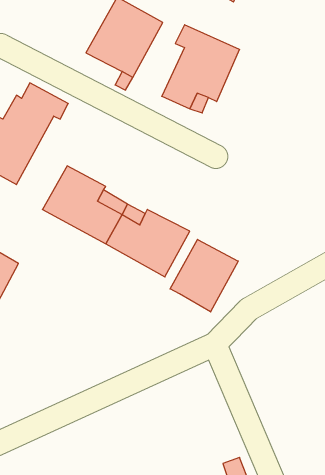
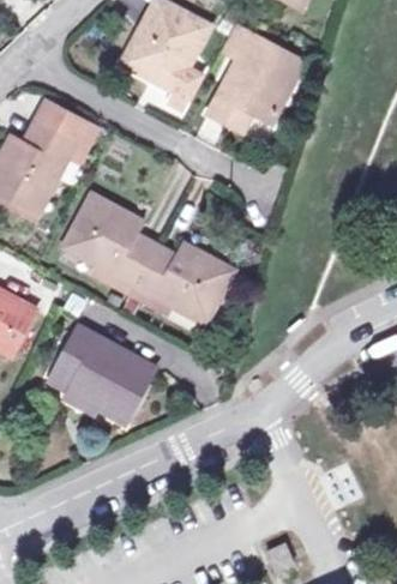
building: [170,239,238,312] -> none
building: none -> [56,332,144,422]

